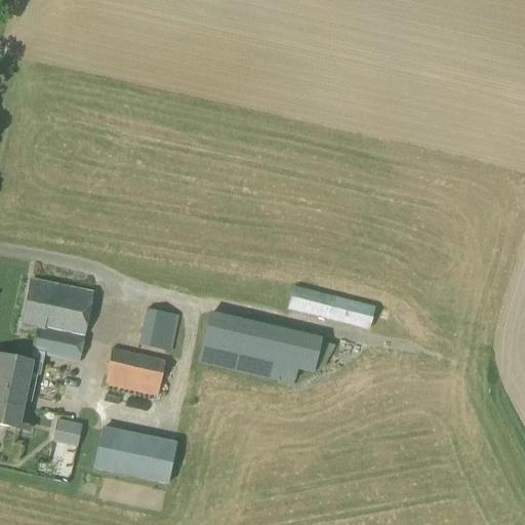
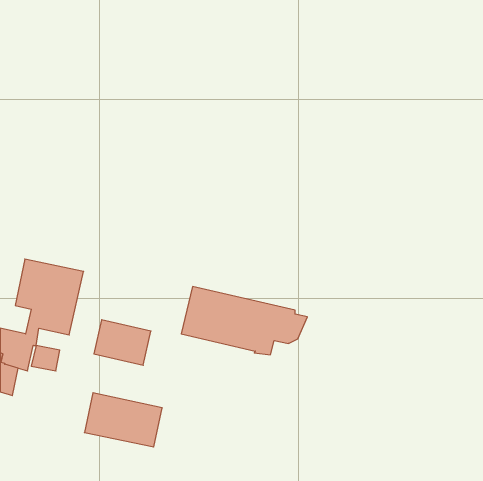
building: [287,284,375,328] -> none
building: [138,307,179,350] -> none
building: [51,417,82,445] -> [31,345,60,371]

